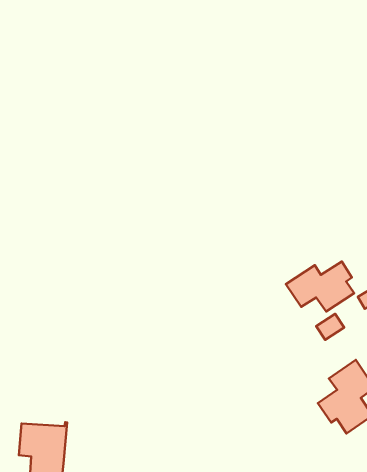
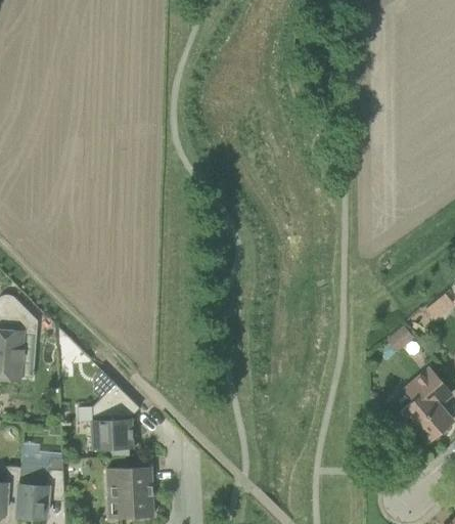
building: [286,261,354,311] -> none
building: none -> [92,384,136,450]

